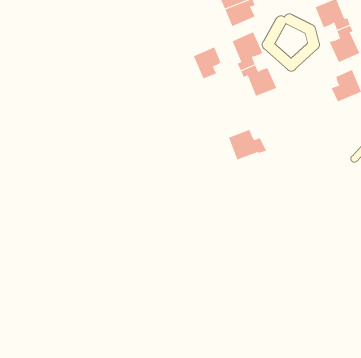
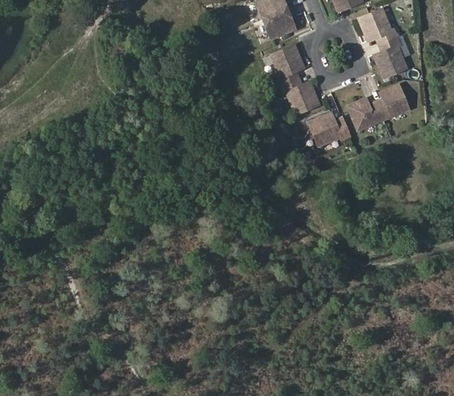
building: [193,47,221,79] -> none
building: none -> [347,99,383,129]
building: [228,129,267,160] -> [308,112,349,145]

